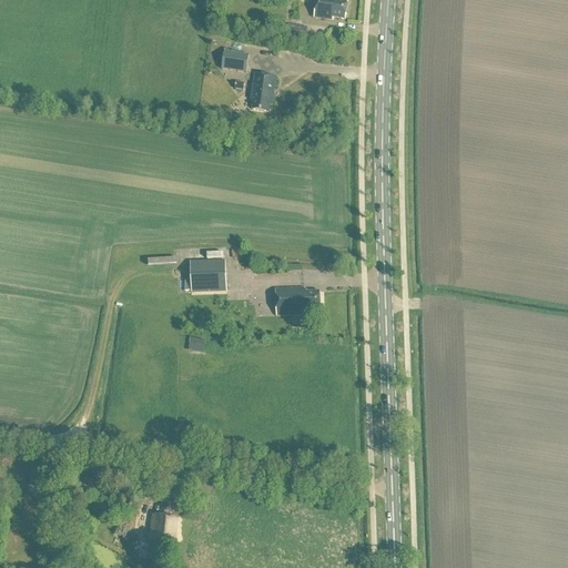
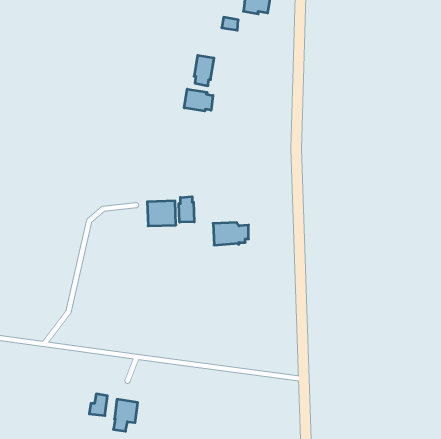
building: [220,49,246,70] -> none
building: none -> [184,89,213,111]
building: none -> [179,197,194,222]

